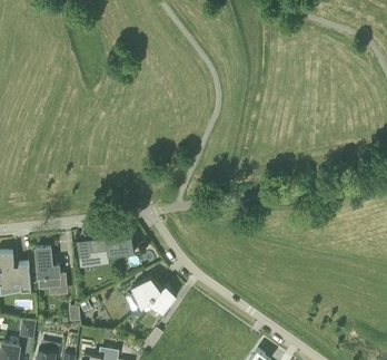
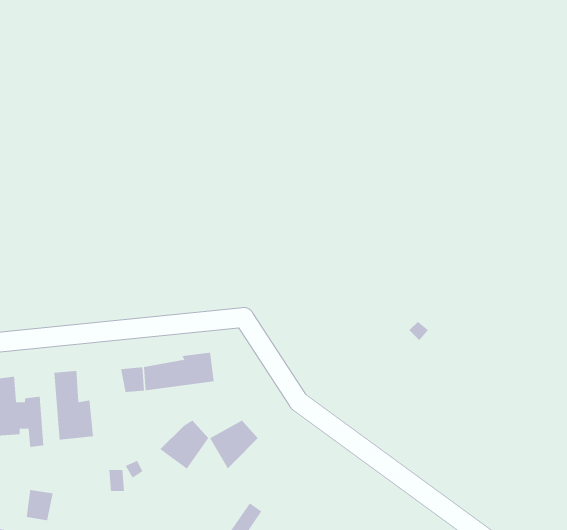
building: [146,285,176,315] -> [160,420,209,469]

